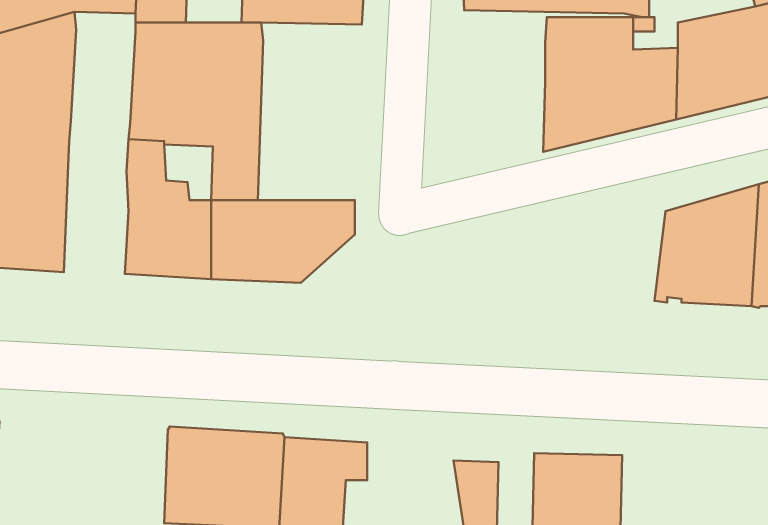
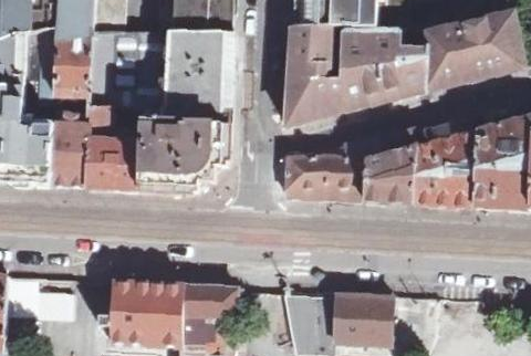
building: none -> [287,24,346,126]
building: none -> [53,35,93,93]
building: none -> [168,42,231,140]
building: none -> [49,104,88,186]
building: none -> [285,127,419,203]

